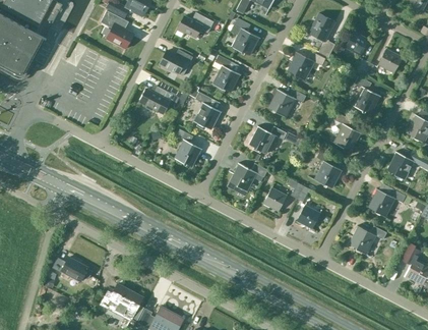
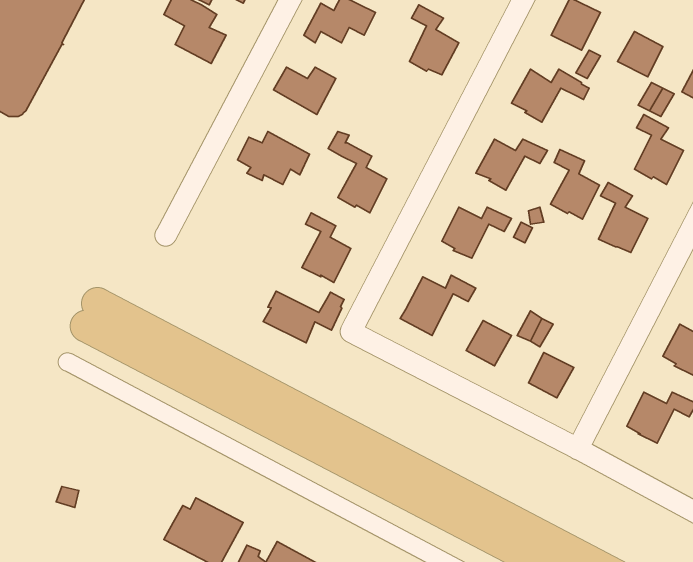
building: [212,55,239,93] -> none
building: [314,151,341,188] -> [550,149,599,219]
building: none -> [263,291,344,343]
building: [52,258,93,281] -> none

